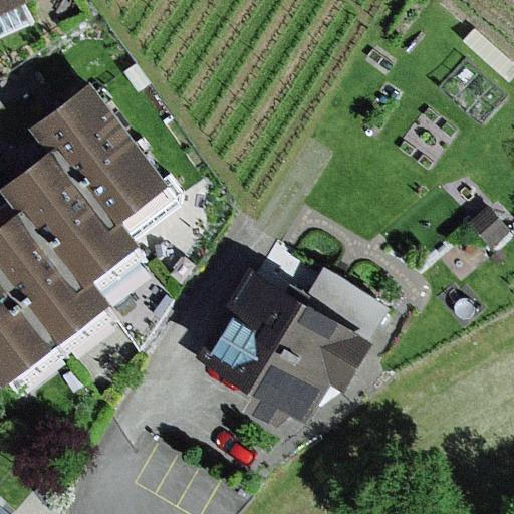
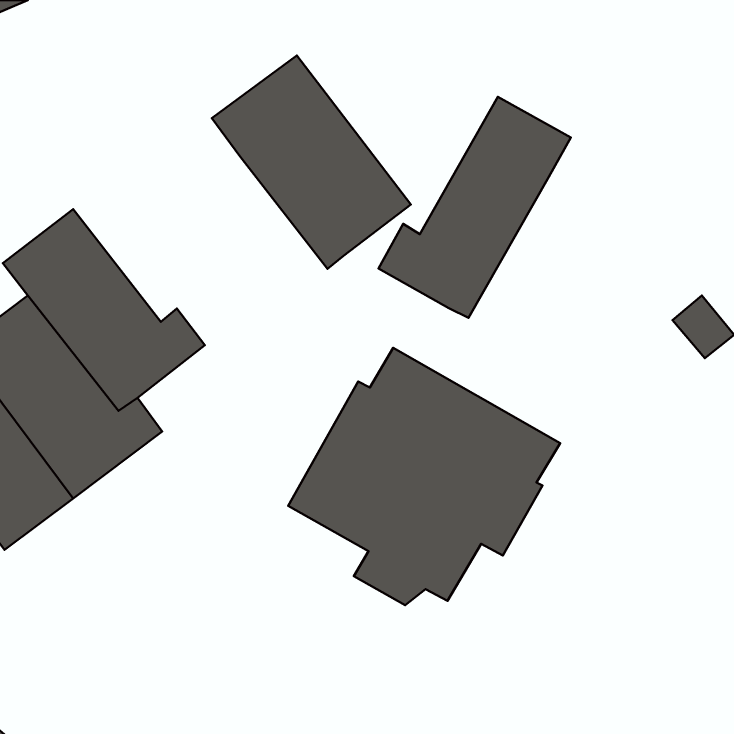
building: none -> [379,97,571,318]
building: [31,83,168,230] -> [212,55,411,269]

